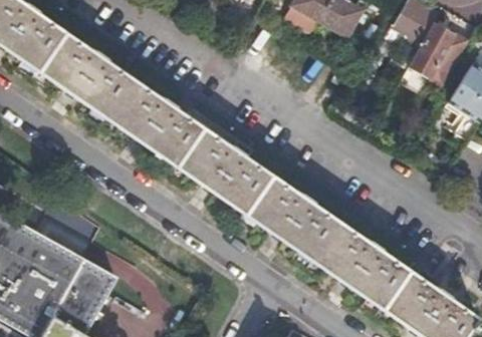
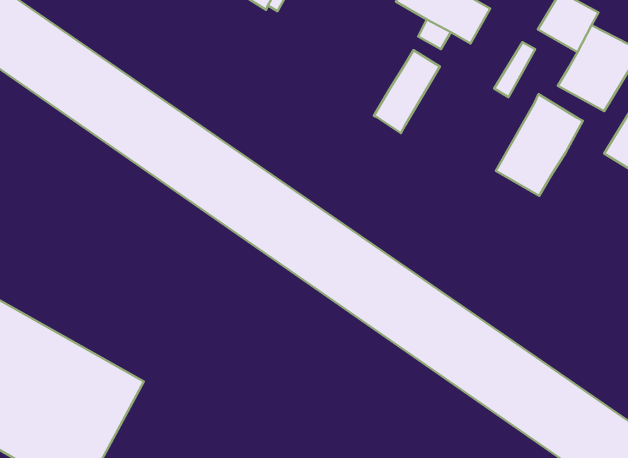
building: none -> [374,50,440,133]
building: none -> [496,94,583,196]

